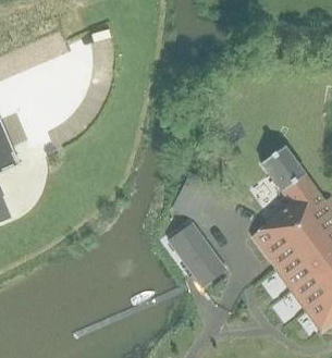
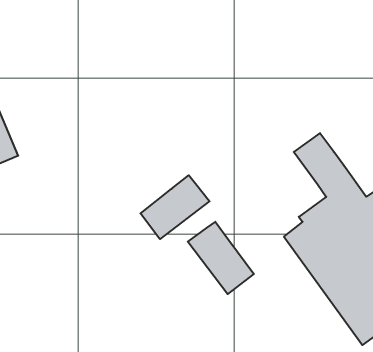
building: none -> [140,175,210,239]

